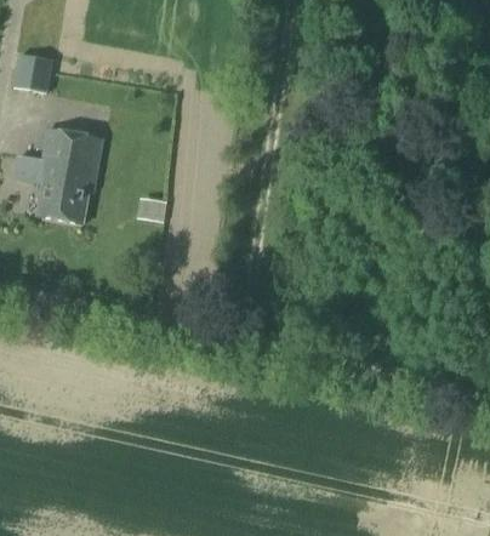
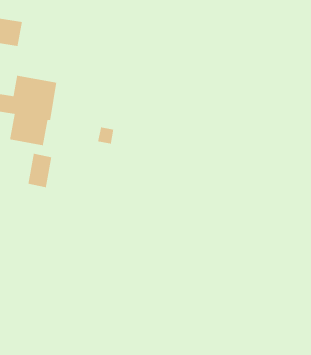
building: none -> [28,153,52,188]

